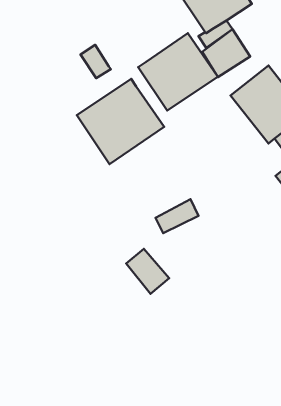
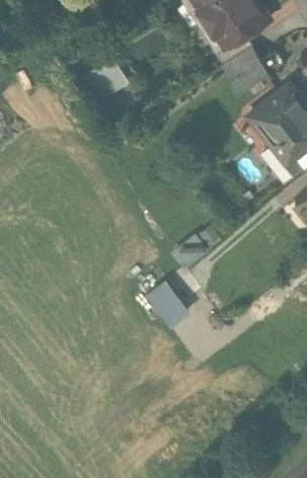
building: [138,33,218,111] -> none
building: [77,79,164,164] -> none

